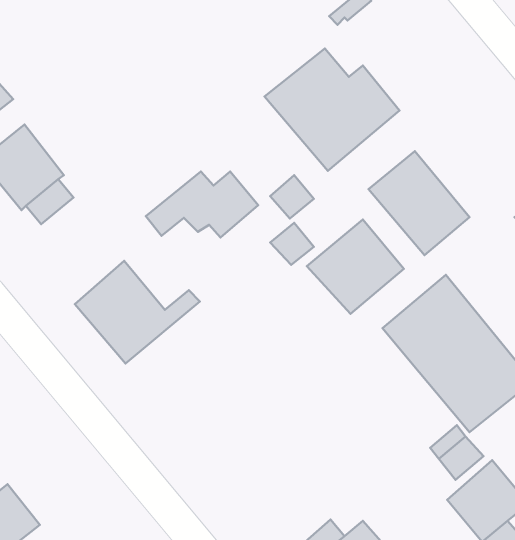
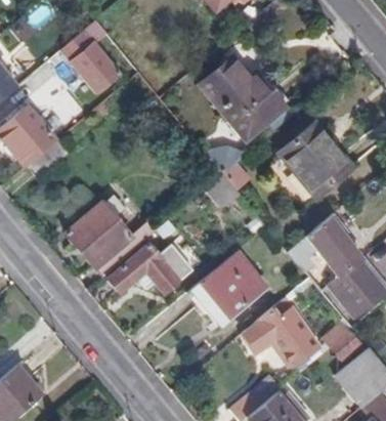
building: none -> [61,20,120,93]
building: [146,171,258,237] -> [110,246,191,294]
building: [307,220,404,314] -> [195,252,265,321]
building: none -> [243,308,315,365]

